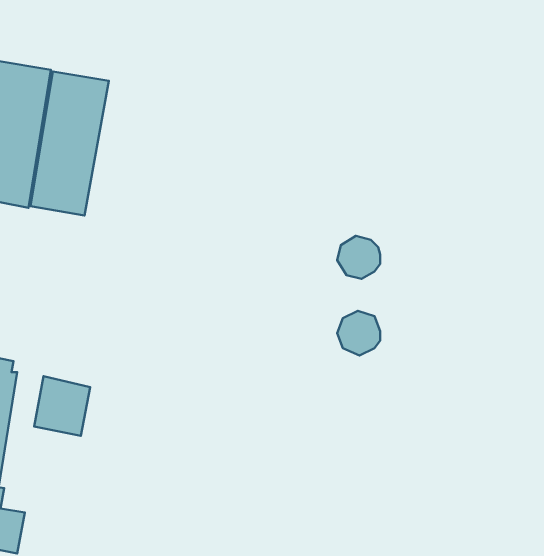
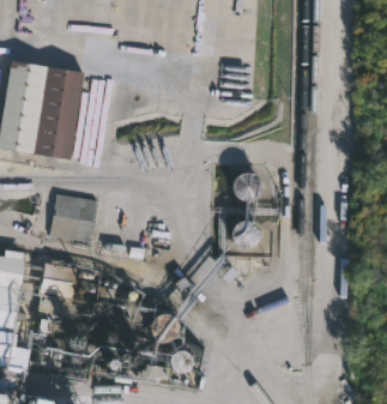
building: none -> [49,193,96,242]

